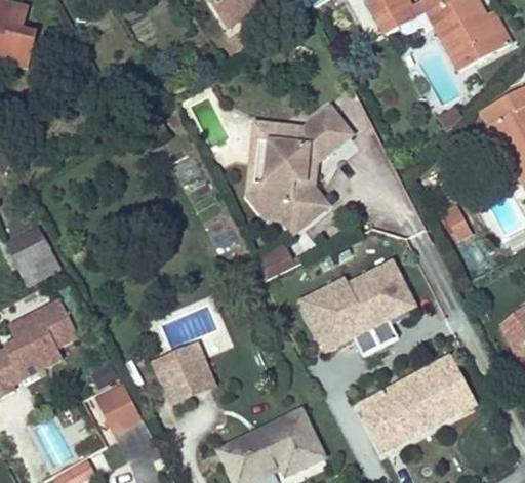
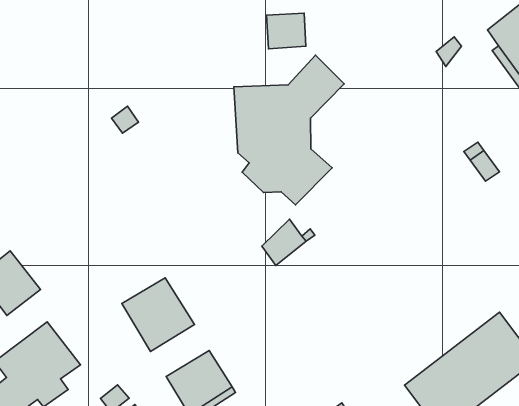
building: none -> [266,13,306,49]
building: [299,257,416,353] -> none
building: none -> [122,278,195,351]

